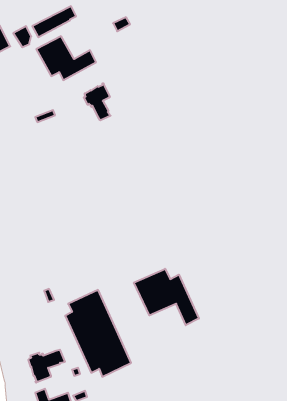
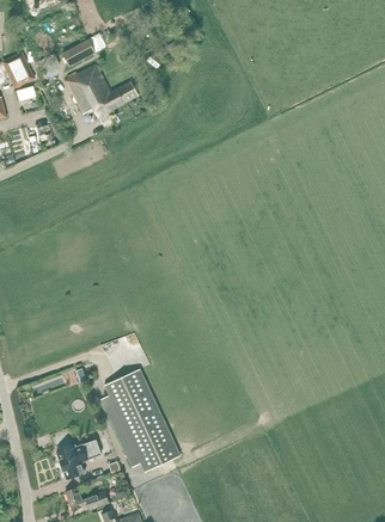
building: [84,83,111,120] -> none
building: [134,269,199,325] -> none

